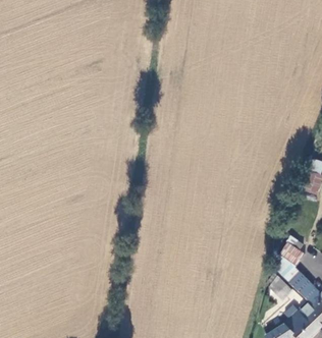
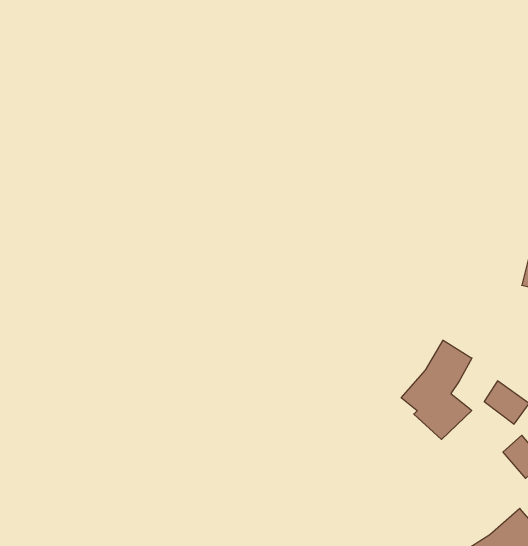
building: none -> [401,340,472,439]

